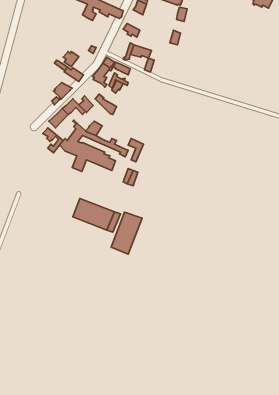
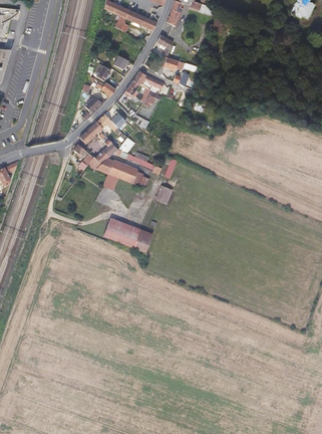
building: [111,212,142,254] -> none

